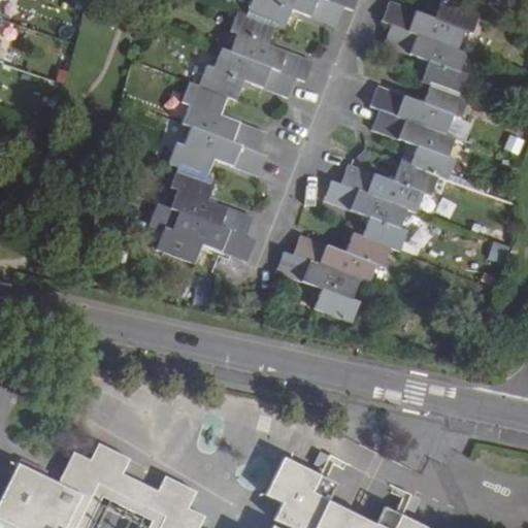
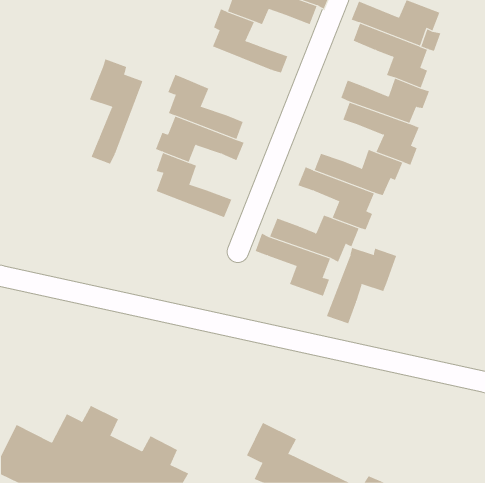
building: [199,46,296,99] -> none
building: none -> [89,58,143,165]
building: [157,210,253,261] -> none
building: none -> [326,247,397,324]

